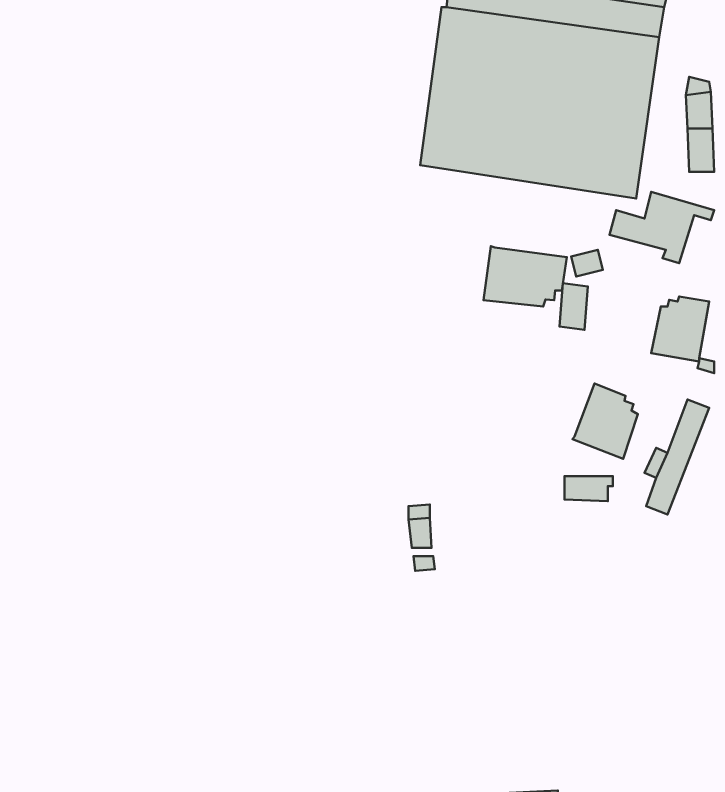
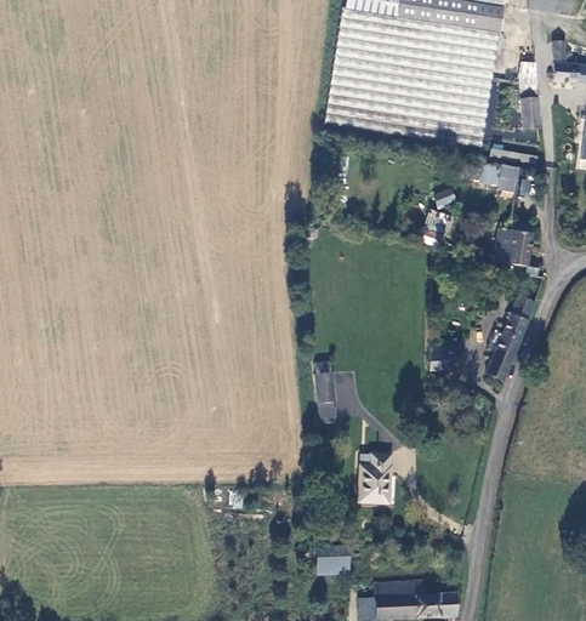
building: [483,246,567,306] -> none
building: [573,384,638,459] -> none
building: none -> [360,455,391,503]
building: none -> [317,545,352,575]

